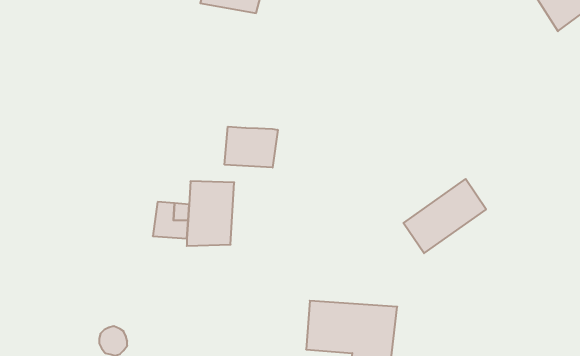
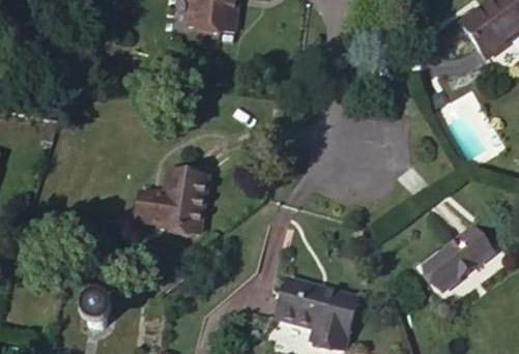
building: [225,127,278,168] -> none
building: [403,179,486,253] -> [422,217,492,281]

